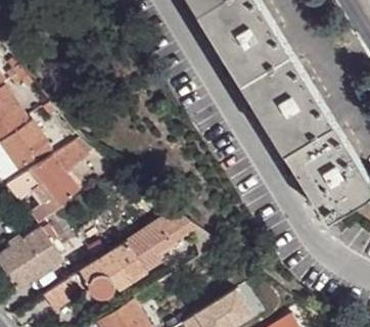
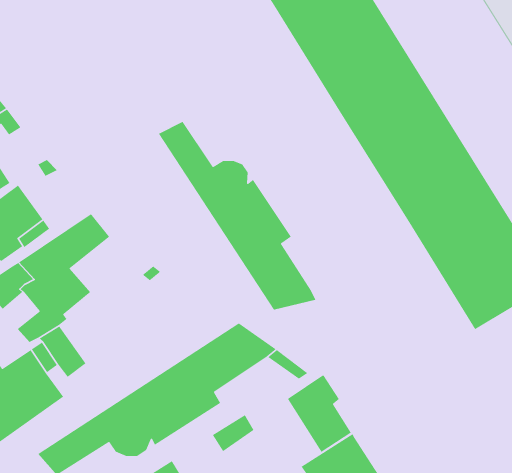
building: none -> [158,121,316,310]
building: none -> [287,374,352,453]

